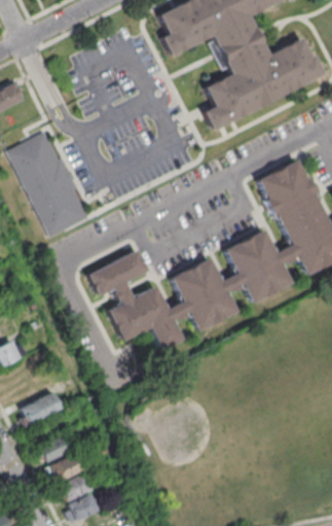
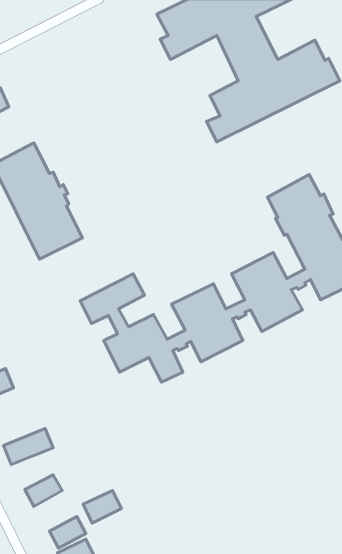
building: [49,453,84,483] -> [83,490,122,523]

